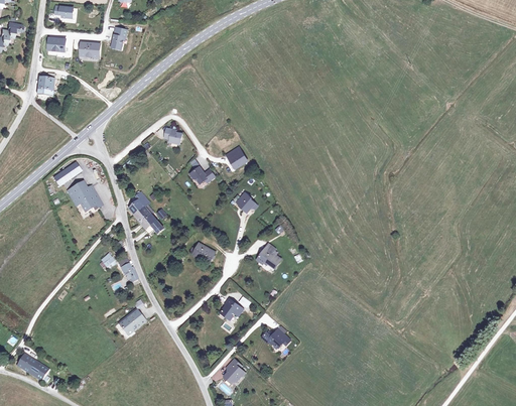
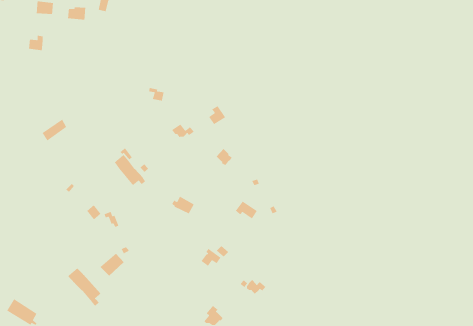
building: [68,180,102,210] -> none
building: none -> [67,268,101,307]

